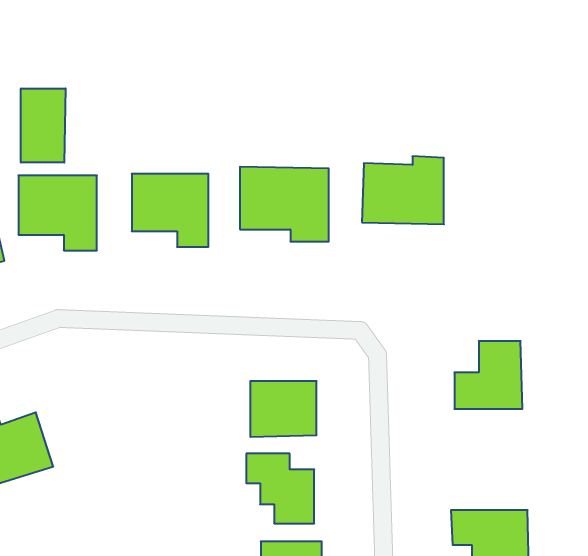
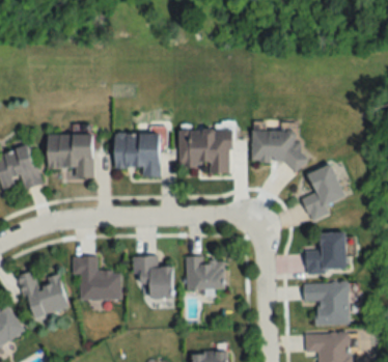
building: [21,88,66,163] -> none
building: none -> [303,163,347,221]
building: none -> [73,256,121,301]
building: none -> [305,283,351,325]
building: [246,454,314,523] -> [133,256,173,298]

